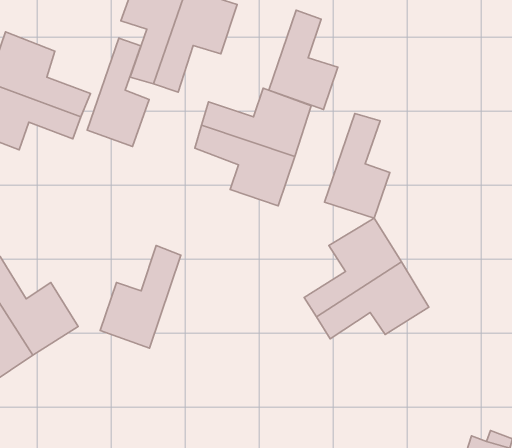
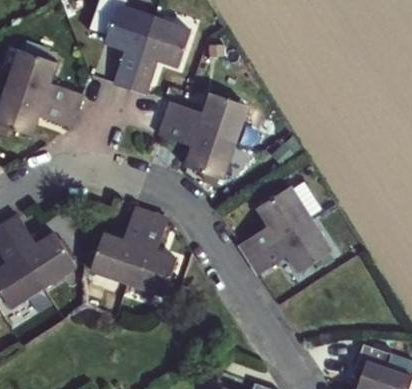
building: [269,10,338,110] -> none
building: [87,38,149,146] -> none
building: [324,113,390,218] -> none
building: none -> [126,214,174,294]

